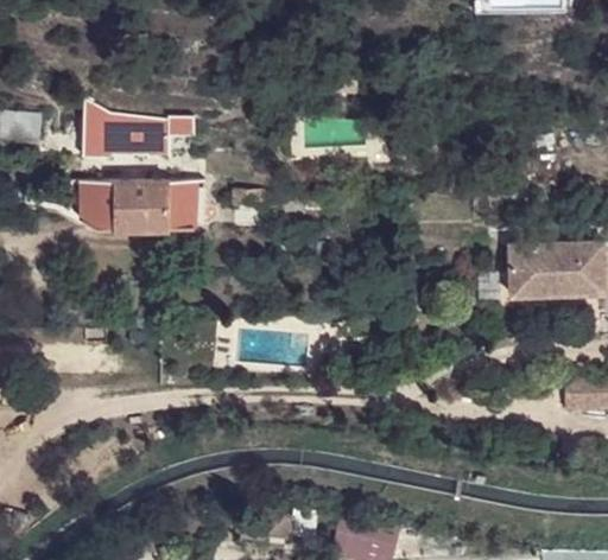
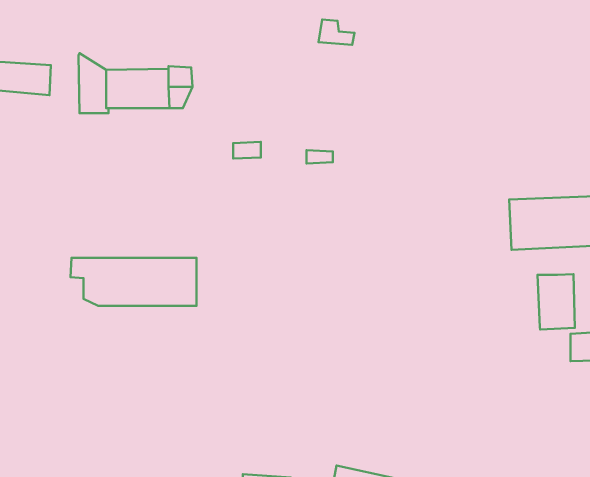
building: [71,183,196,230] -> [70,258,196,306]
building: none -> [537,274,575,329]

